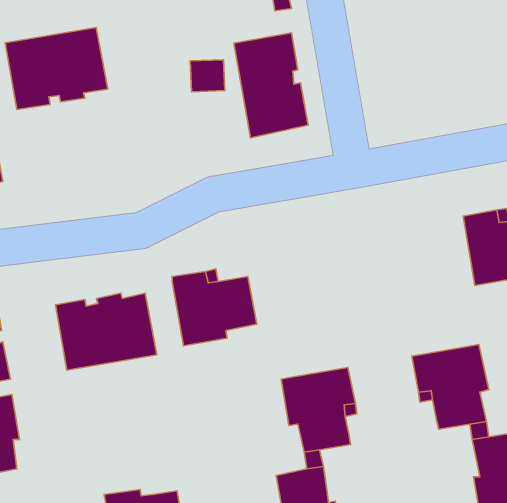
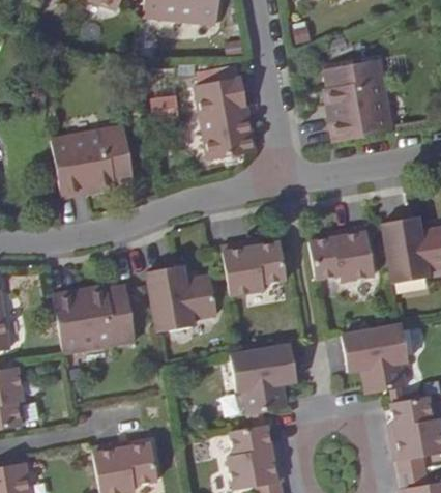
building: none -> [323,61,387,143]
building: [5,27,108,110] -> [52,133,135,199]
building: none -> [307,226,374,281]
building: none -> [220,241,286,296]

